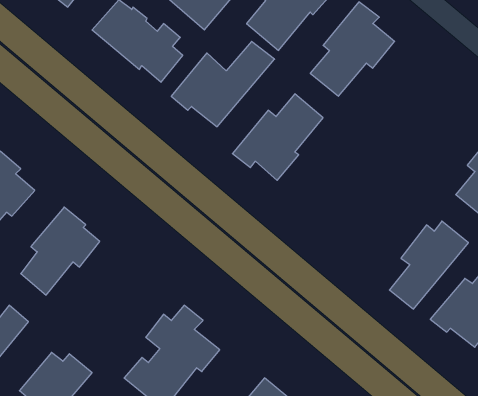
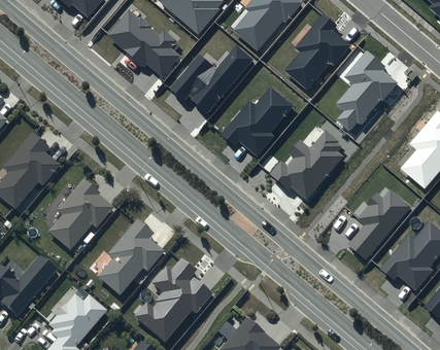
building: none -> [337,50,397,131]
building: none -> [269,131,344,201]
building: none -> [98,219,166,293]

